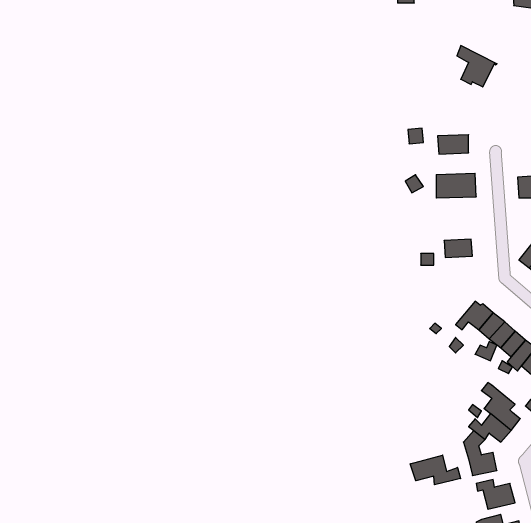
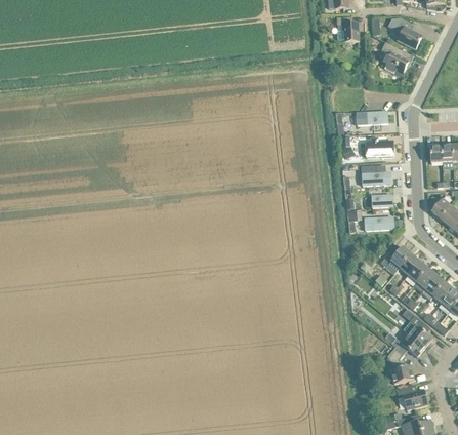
building: none -> [336,15,359,40]
building: none -> [387,16,421,48]
building: none -> [361,172,393,188]
building: none -> [364,219,395,233]
building: [410,455,461,485] -> none

